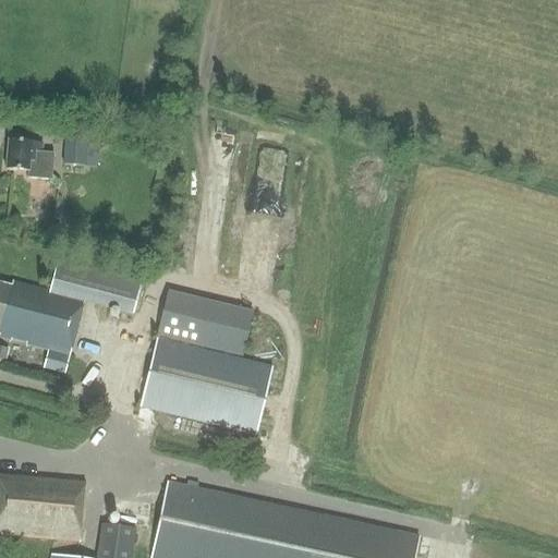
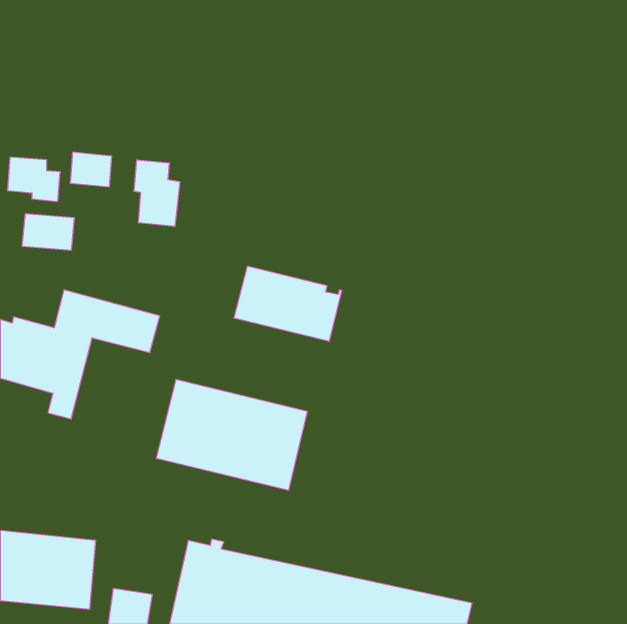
building: none -> [134,160,180,227]
building: none -> [22,213,74,250]
building: [157,289,253,355] -> [234,266,342,341]

